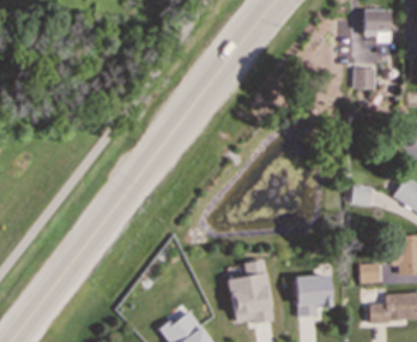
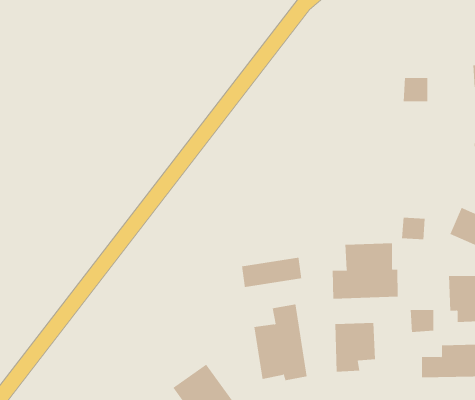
building: [364,10,391,42] -> none
building: none -> [332,243,398,299]
building: none -> [241,257,302,288]

